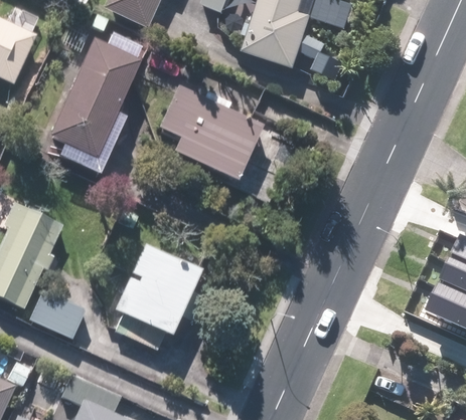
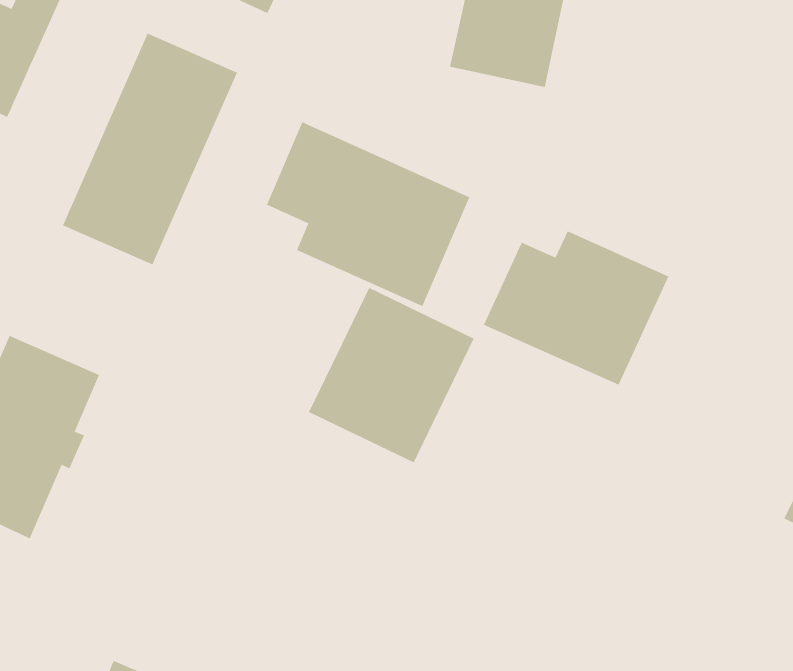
building: none -> [483,230,669,386]
building: [112,248,200,342] -> [308,287,474,463]
building: [27,286,92,344] -> none

